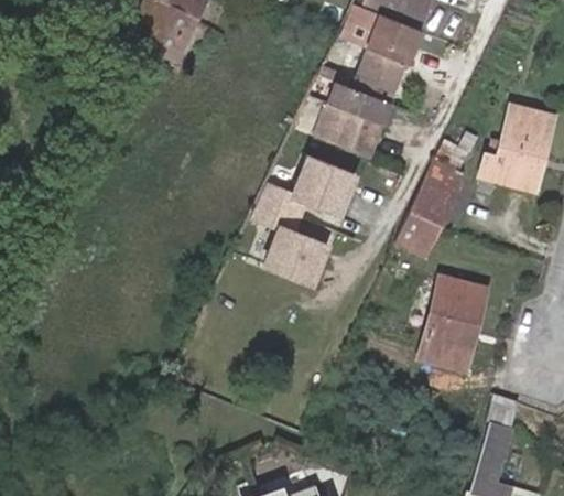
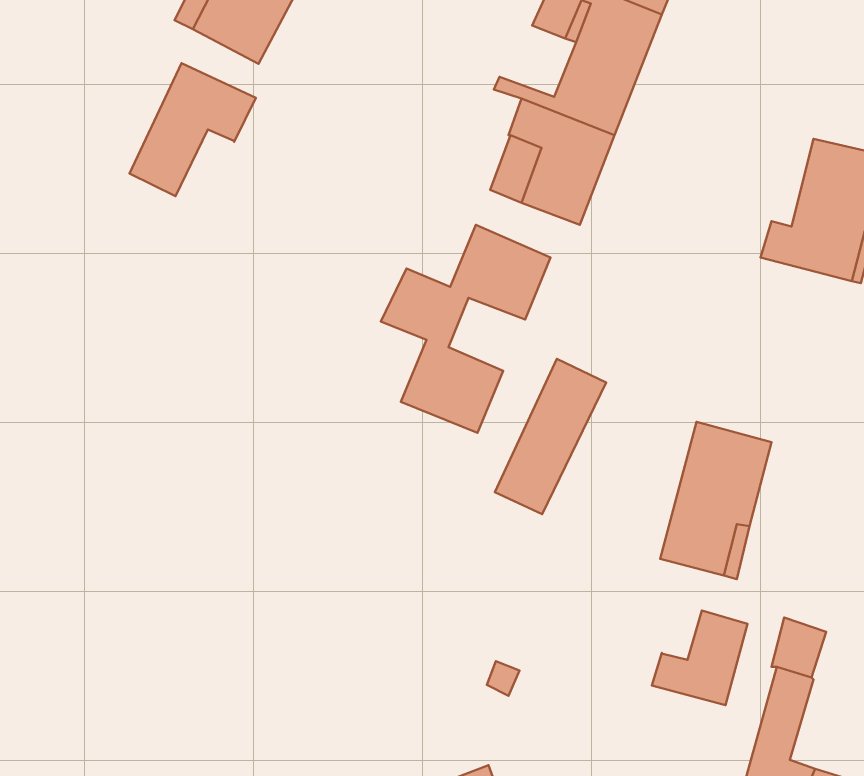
building: none -> [130,63,256,196]
building: [397,162,464,256] -> [495,359,606,514]
building: none -> [652,611,748,705]

